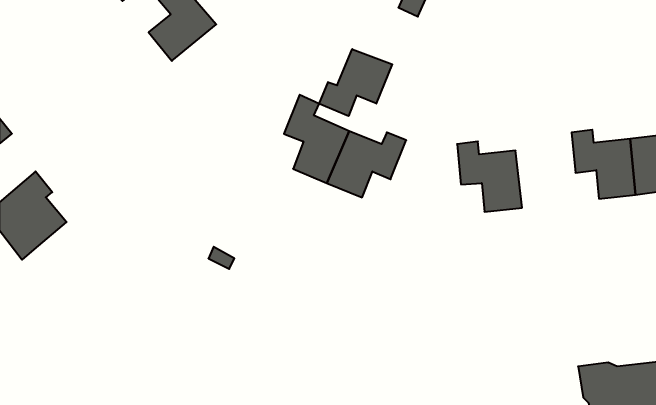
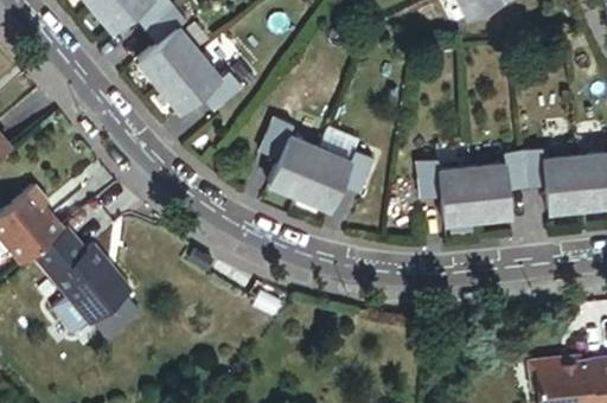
building: none -> [158,52,241,111]
building: [319,49,392,116] -> none
building: none -> [471,151,525,219]
building: none -> [32,228,133,326]

